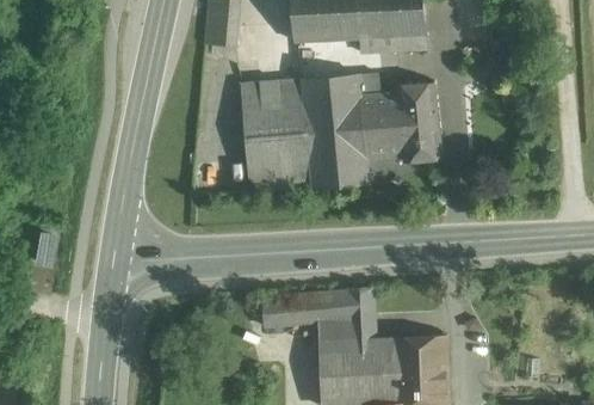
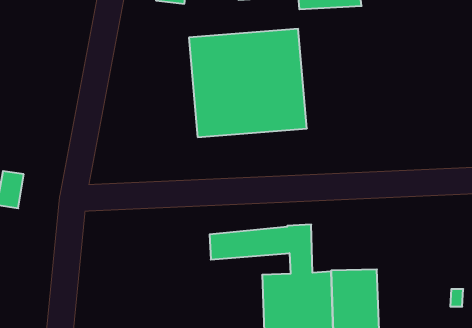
building: [358,73,439,160] -> none

